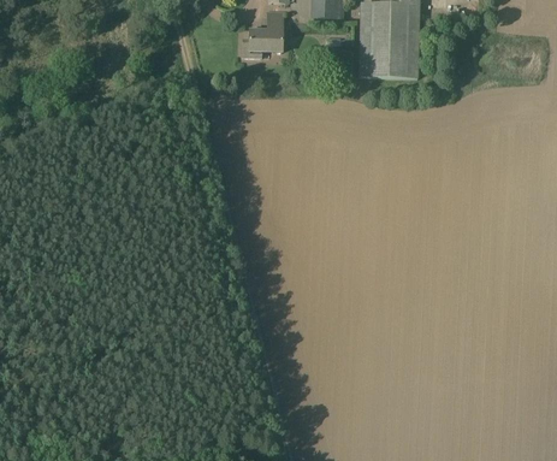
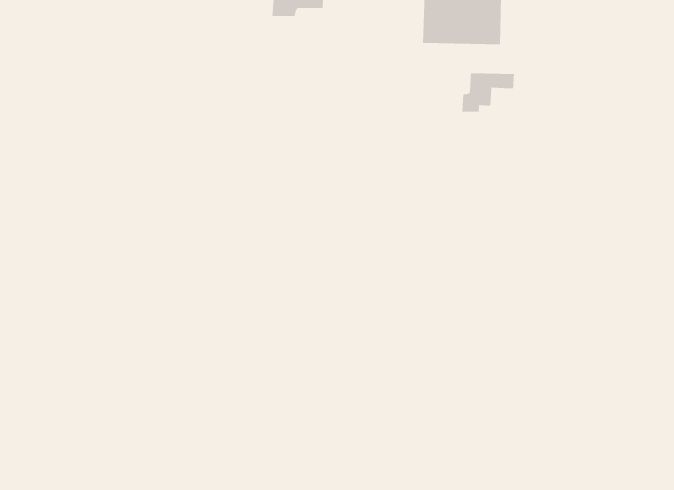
building: none -> [462,72,515,112]

